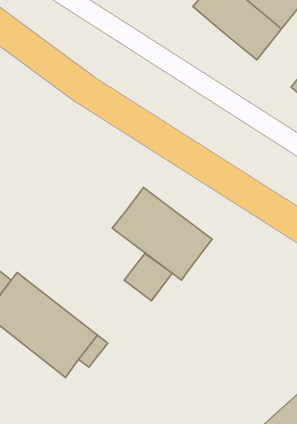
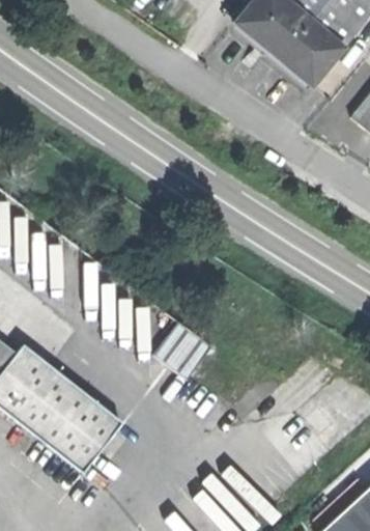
building: [112,188,212,280] -> none

